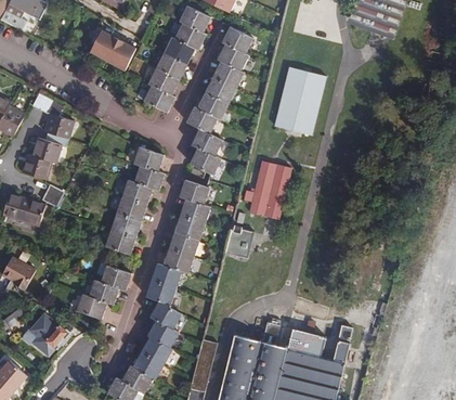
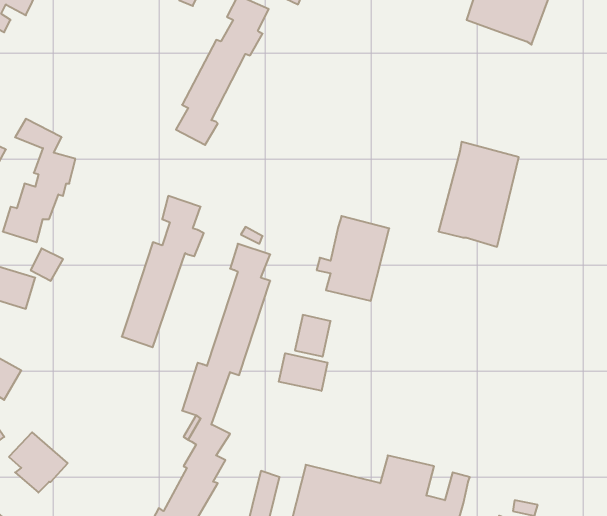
building: [187,28,252,175] -> none
building: [89,30,135,69] -> none
building: [271,66,327,140] -> [438,142,519,247]
building: none -> [279,353,328,391]
building: [77,264,128,318] -> none

